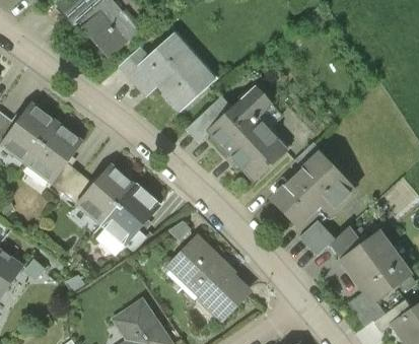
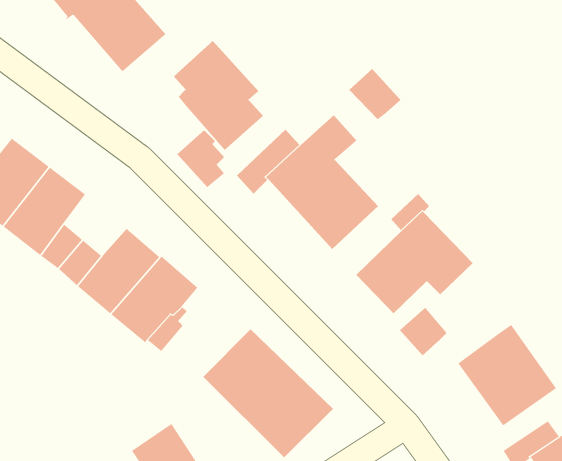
building: [118,49,151,89] -> [177,130,225,188]
building: none -> [348,68,401,120]
building: [329,224,368,259] -> none

